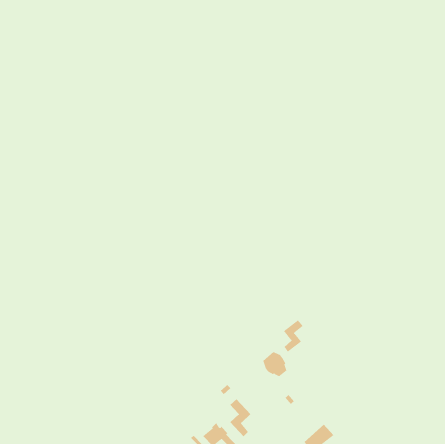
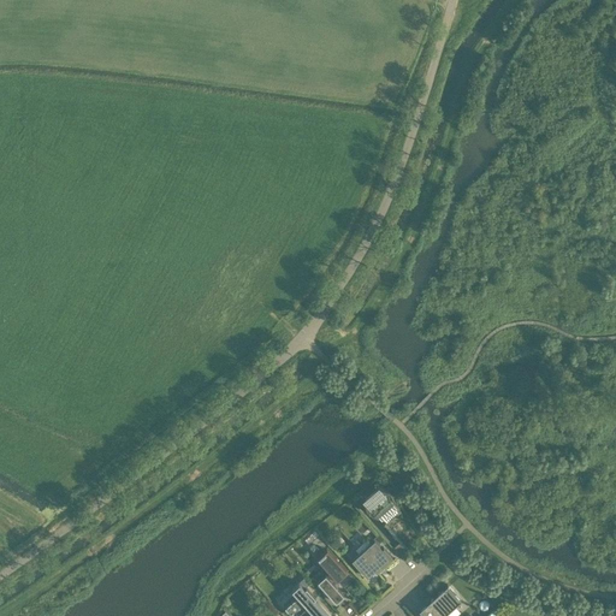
building: [283,320,303,352] -> none
building: none -> [353,537,393,580]

